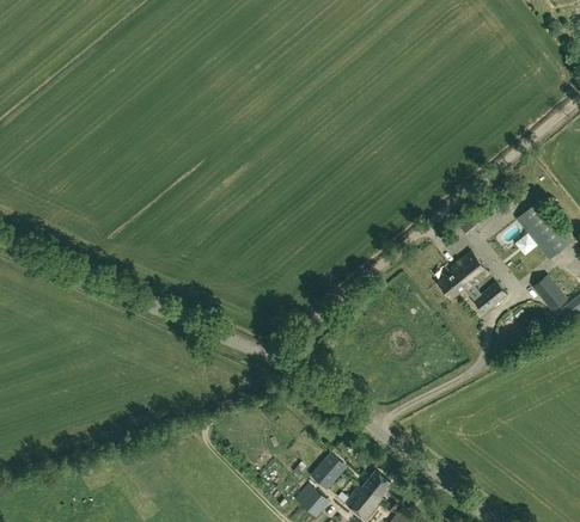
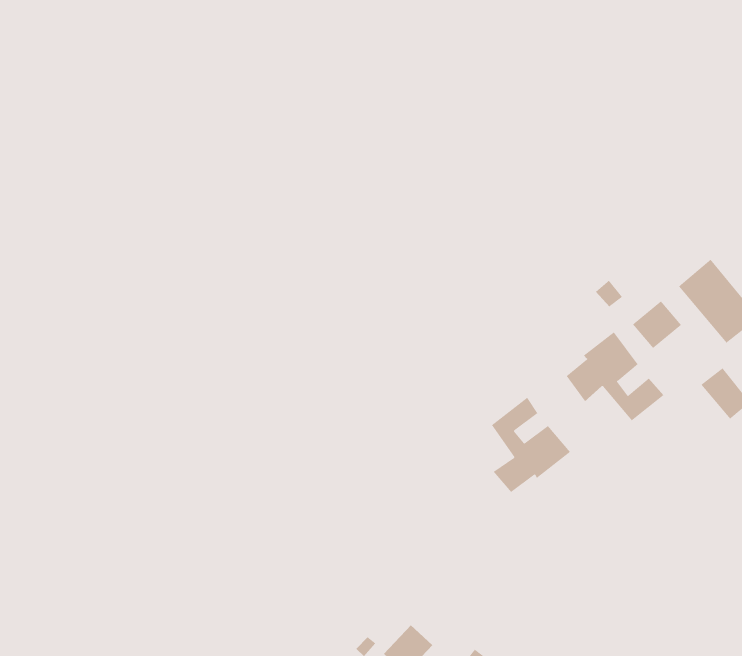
building: none -> [632,300,682,349]
building: none -> [491,397,571,493]

